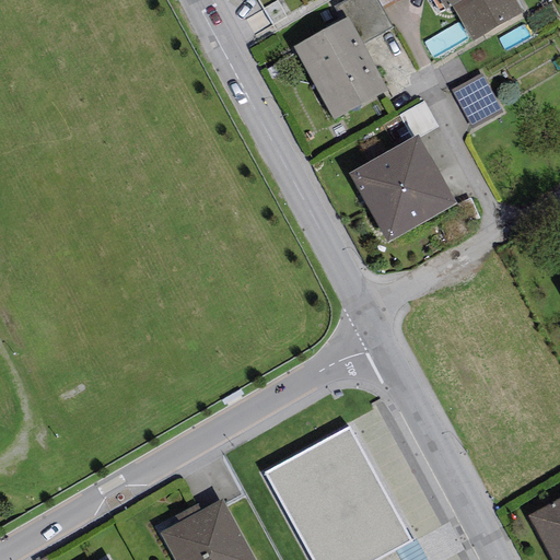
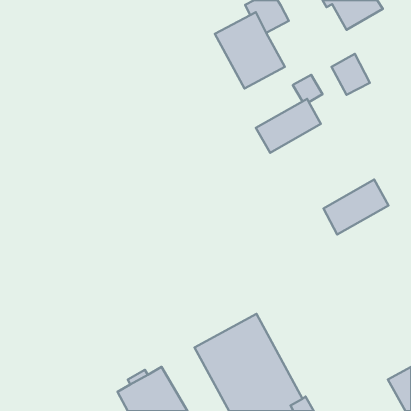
building: [368,168,456,243] -> [323,180,389,234]

